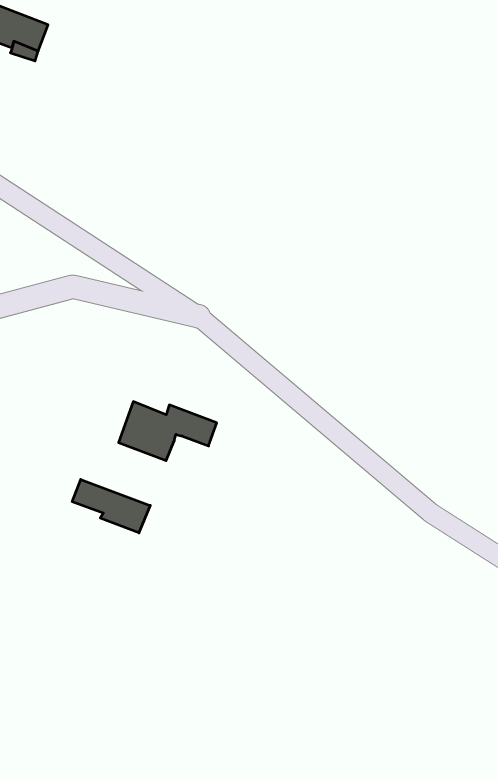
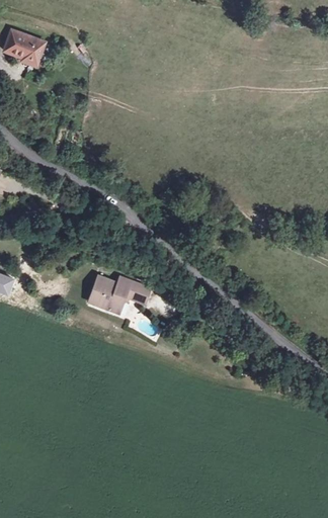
building: [72,479,150,533] -> none

